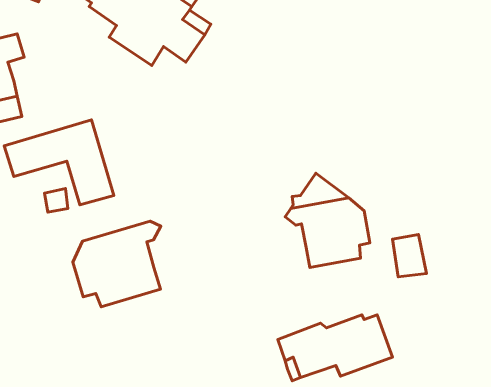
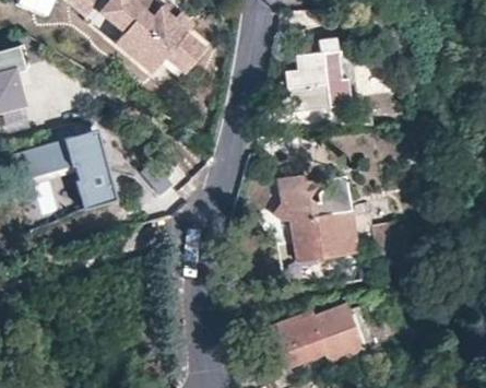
building: none -> [271,52,352,109]
building: [73,221,161,307] -> none

